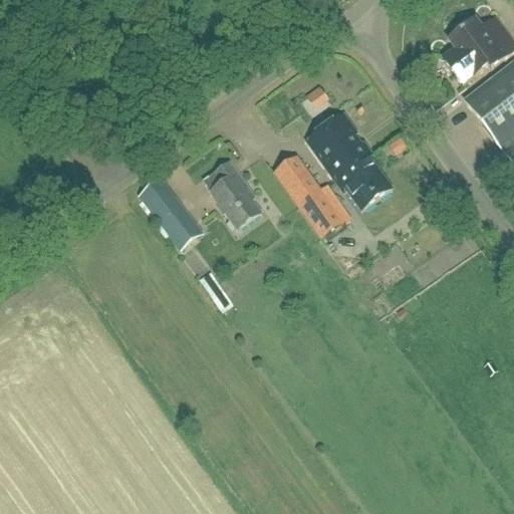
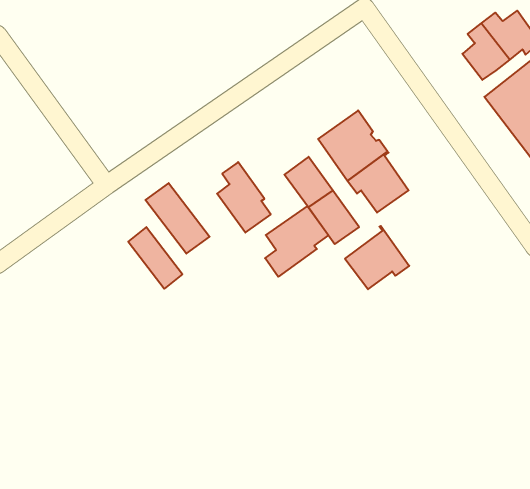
building: none -> [265,206,328,277]
building: none -> [345,226,409,289]
building: none -> [128,227,182,289]

